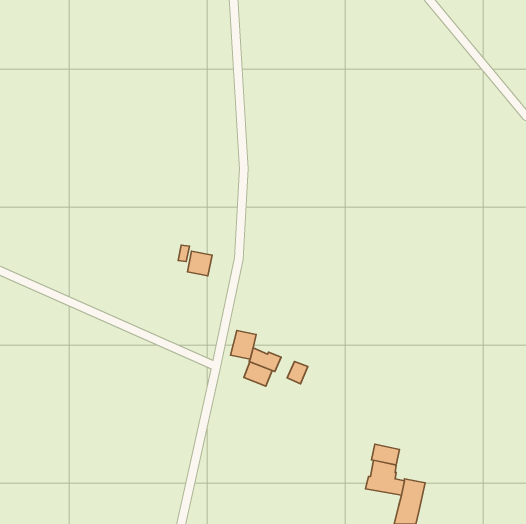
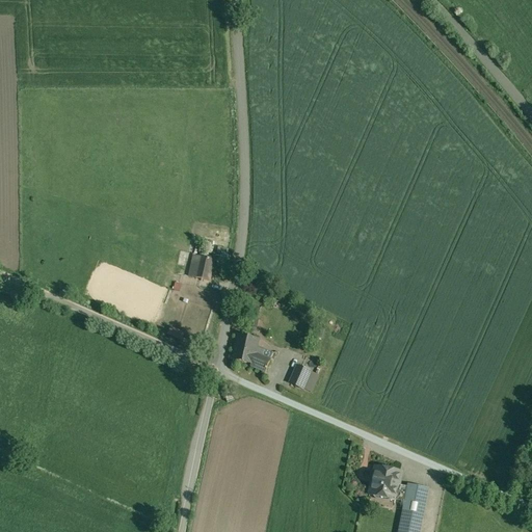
building: [244,362,272,386] -> none
building: [371,444,399,465] -> none

